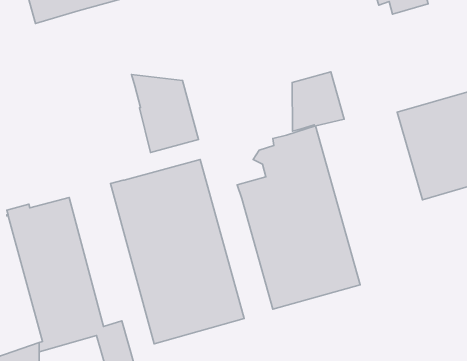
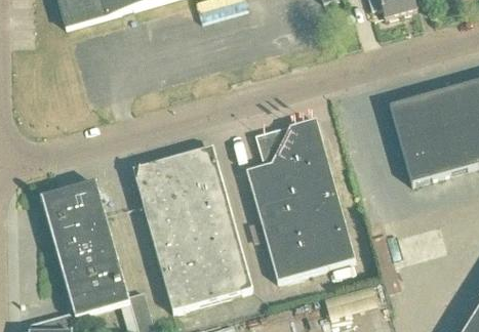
building: [292,72,344,131] -> none
building: [132,74,199,153] -> none

